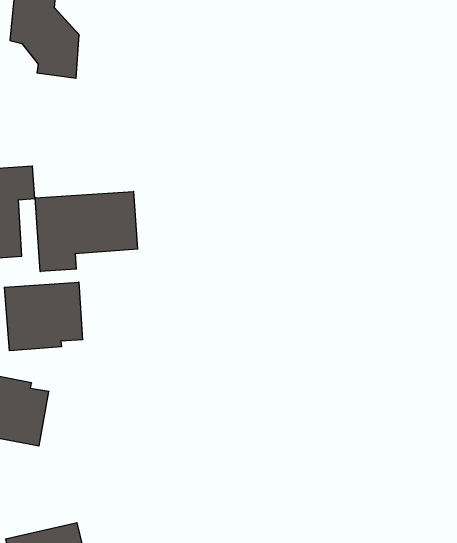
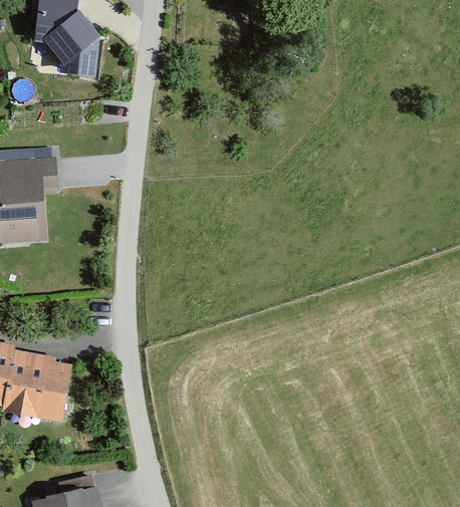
building: [35,191,137,272] -> none
building: [4,282,82,351] -> none

